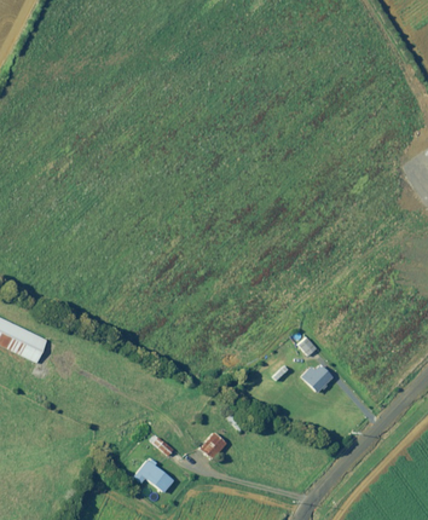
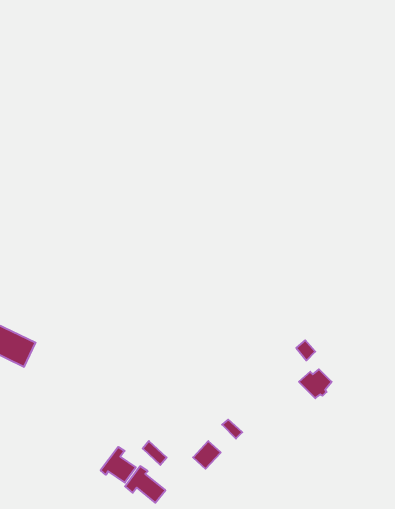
building: none -> [101,447,136,483]

